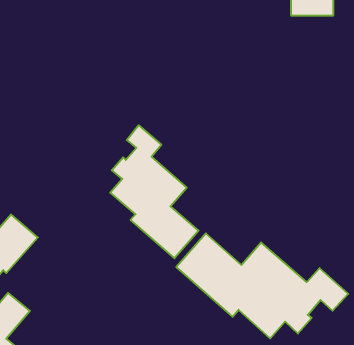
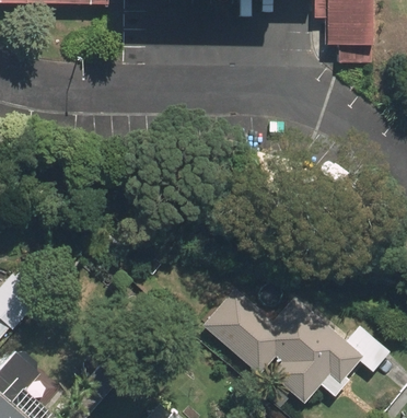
building: [110,125,199,258] -> none

